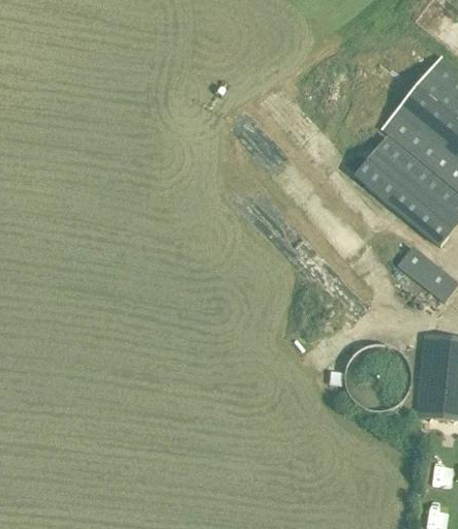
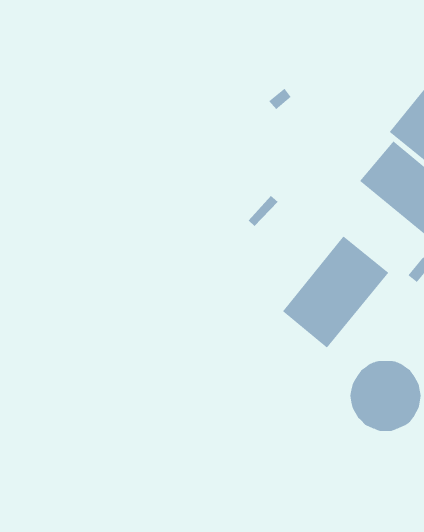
building: none -> [282,236,389,349]

